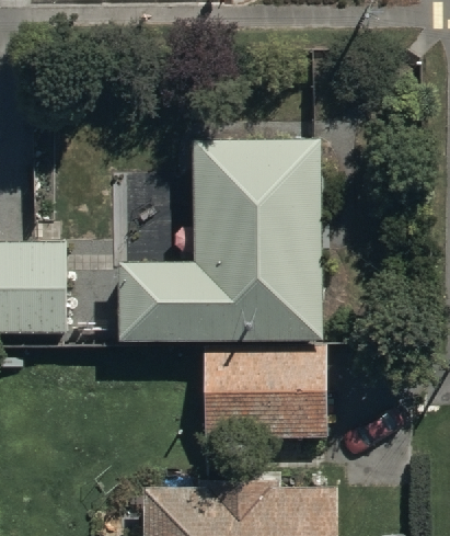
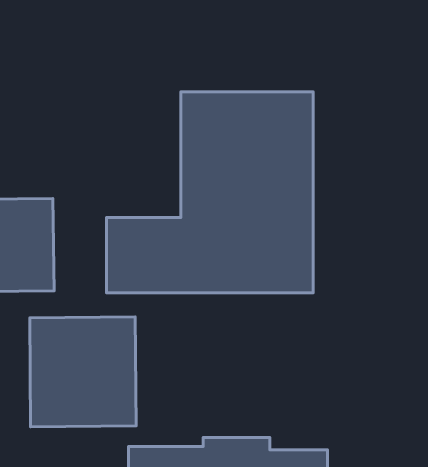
building: [199,351,323,443] -> none
building: none -> [30,317,136,427]

